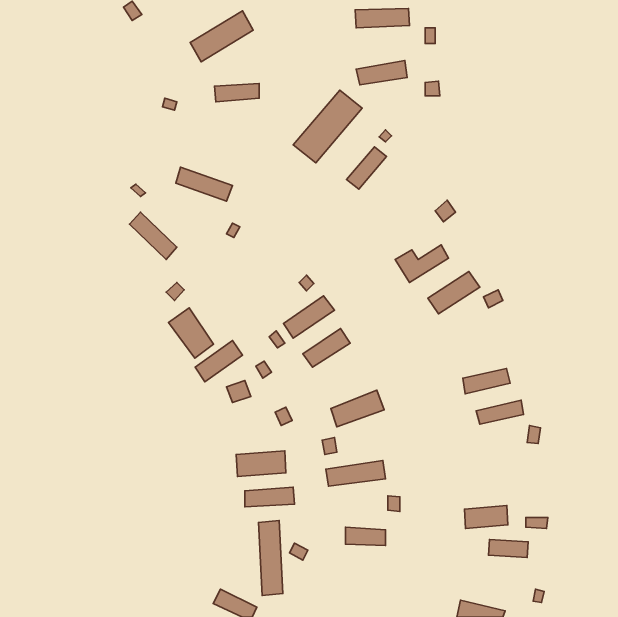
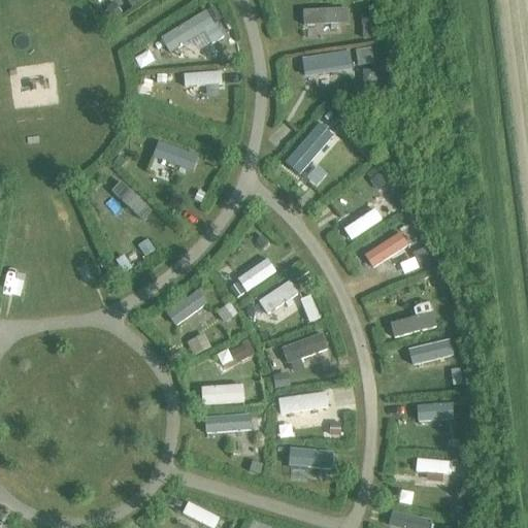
building: [293,90,362,163] -> none
building: [168,308,214,358] -> none
building: [464,505,508,528] -> [417,402,454,422]
building: [259,521,283,595] -> none

